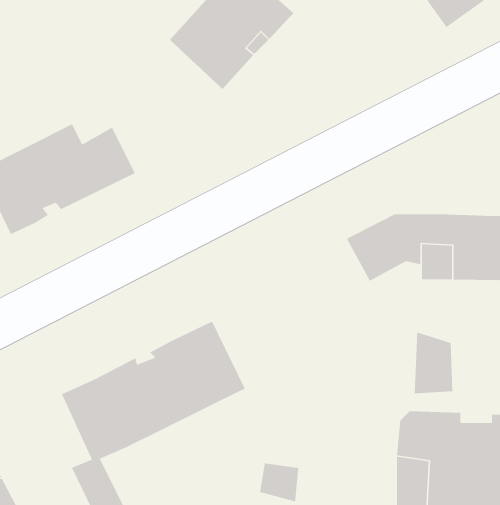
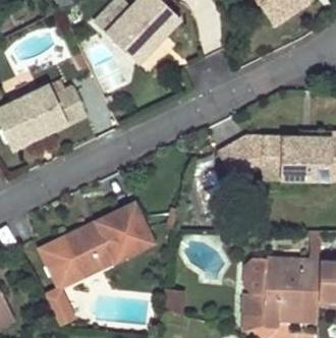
building: [414,331,453,394] -> none

